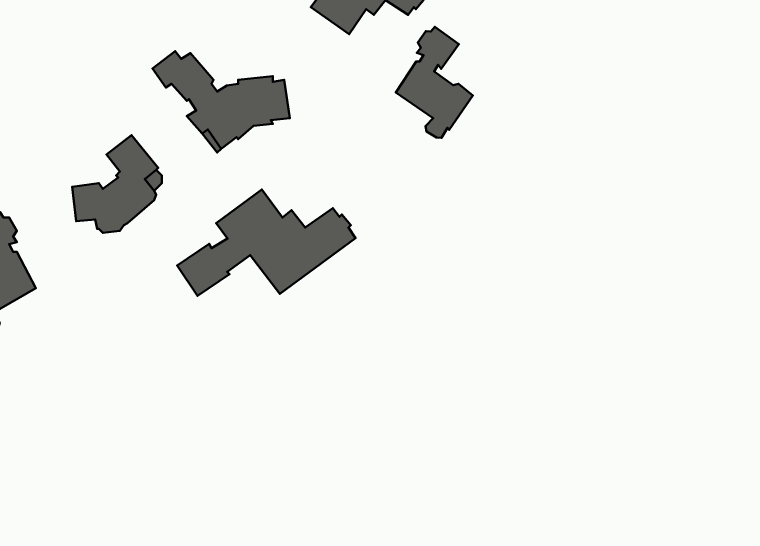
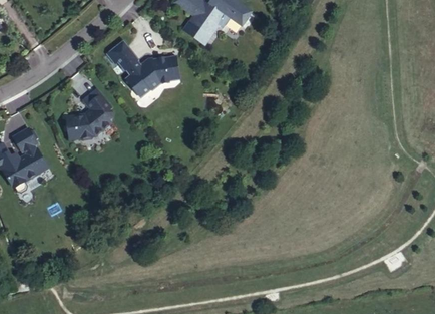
building: [396,27,473,138] -> none
building: [177,189,355,296] -> none

